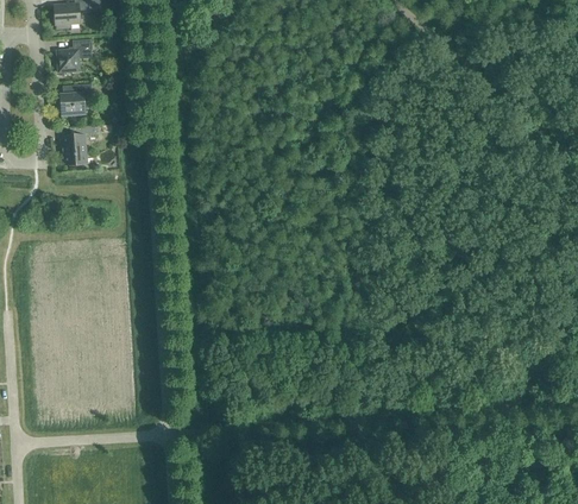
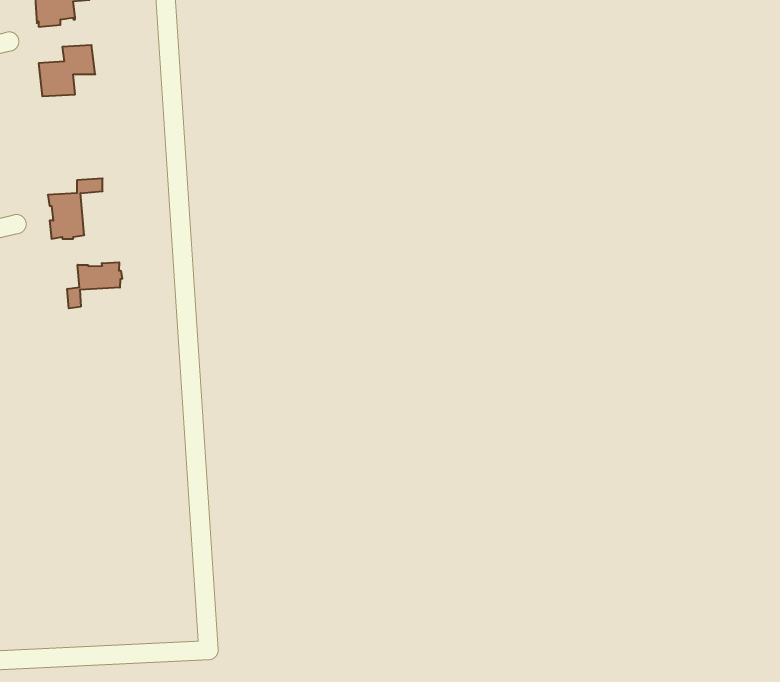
building: [59,83,92,115] -> none
building: none -> [67,262,122,308]

